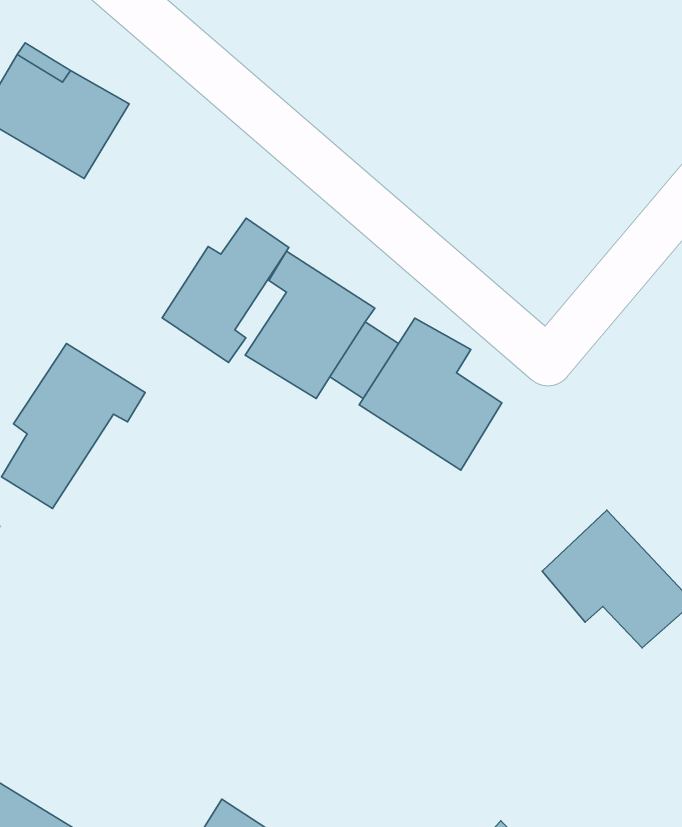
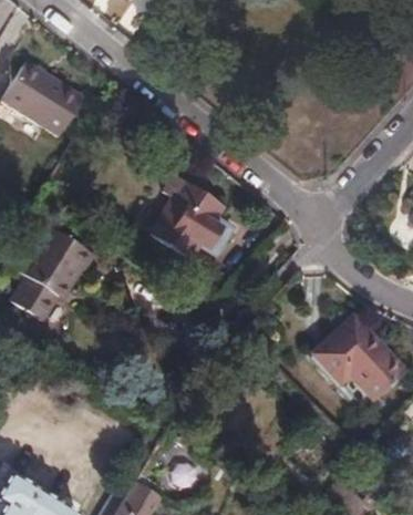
building: [162,218,289,363] -> none
building: [359,318,502,470] -> none

